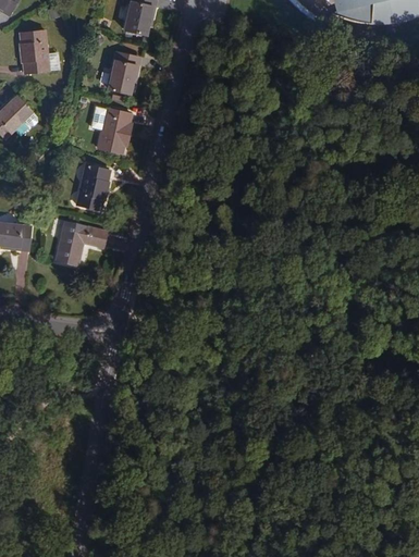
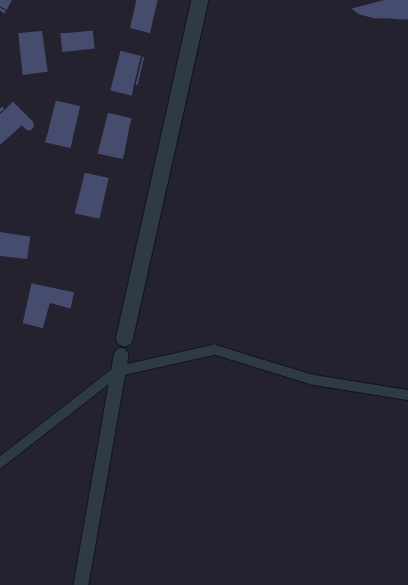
building: none -> [60,30,95,53]
building: none -> [44,100,81,149]
building: [54,223,104,267] -> [22,283,75,329]

